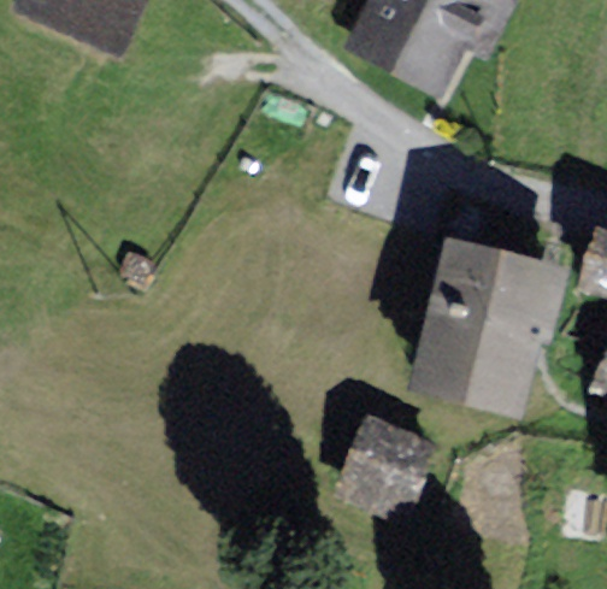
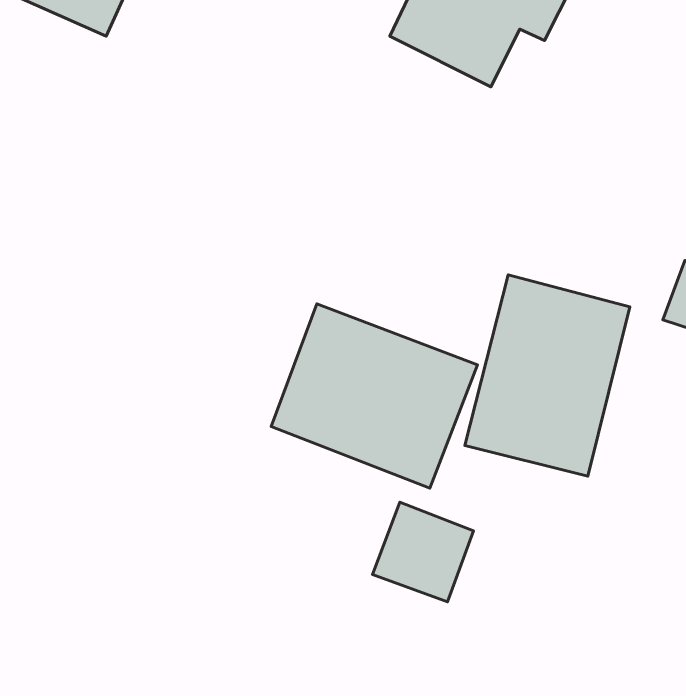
building: none -> [271,304,478,488]

